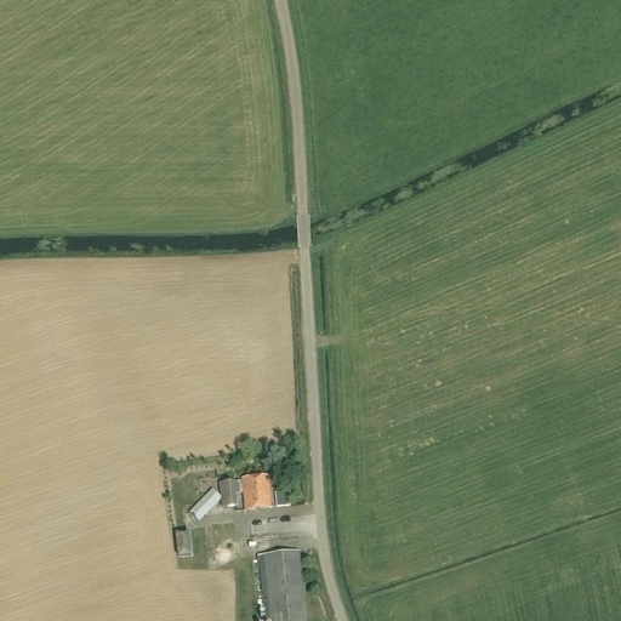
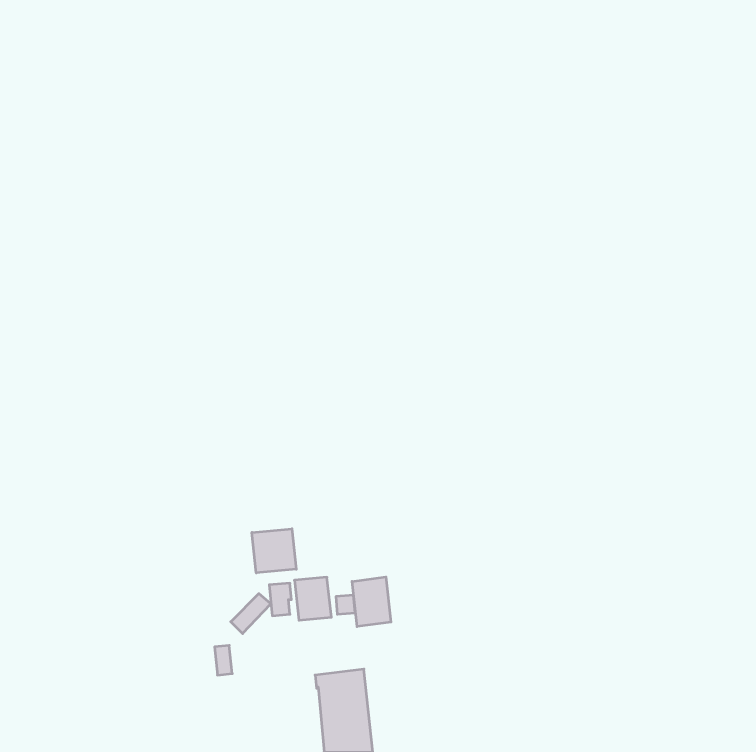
building: none -> [252,529,296,573]
building: none -> [352,577,391,627]

